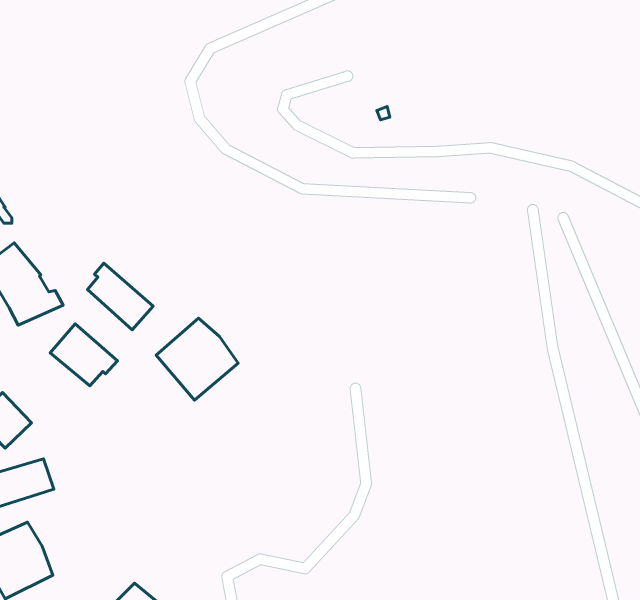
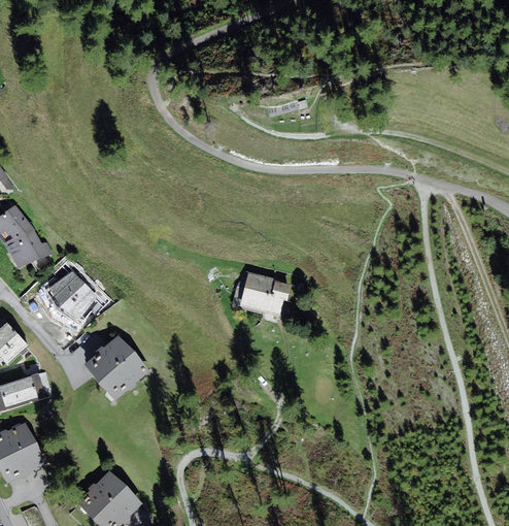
building: [88,263,153,330] -> none
building: [156,318,238,400] -> [84,336,148,400]
building: none -> [240,273,292,316]

